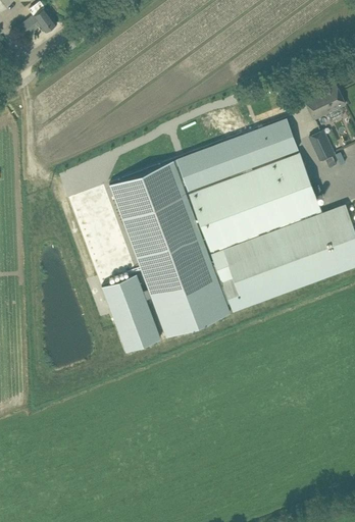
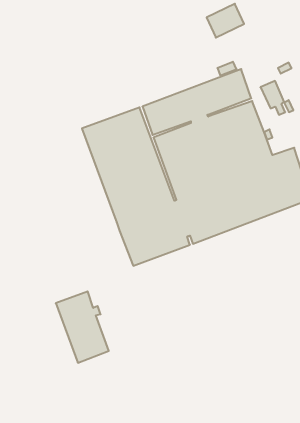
building: [303,84,345,121] -> [207,4,244,38]
building: [101,273,160,353] -> [56,291,109,363]

